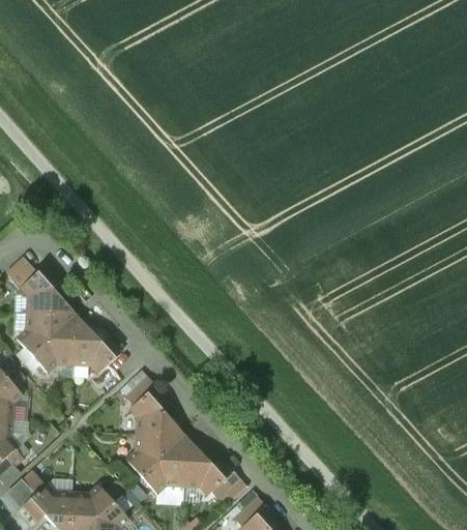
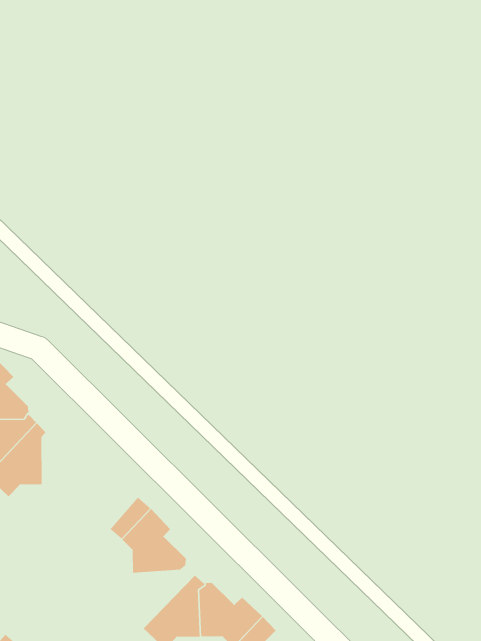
building: [72,325,120,374] -> none
building: [125,432,181,476] -> none

